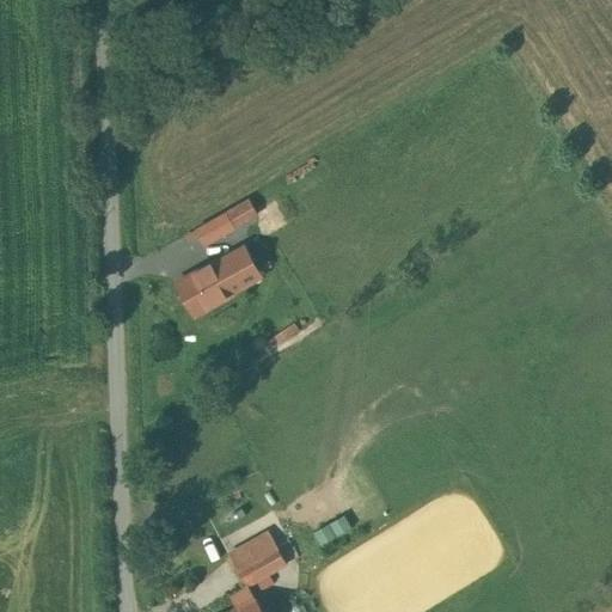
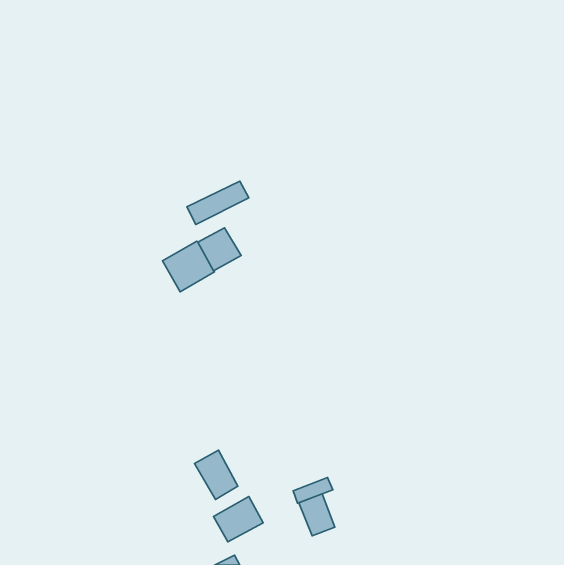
building: none -> [195,450,238,500]
building: none -> [299,494,335,536]

